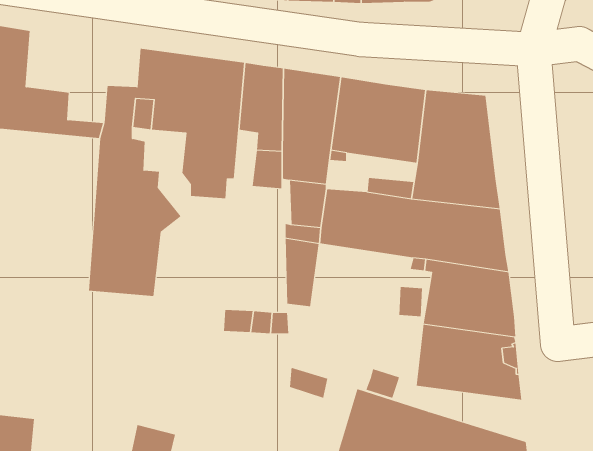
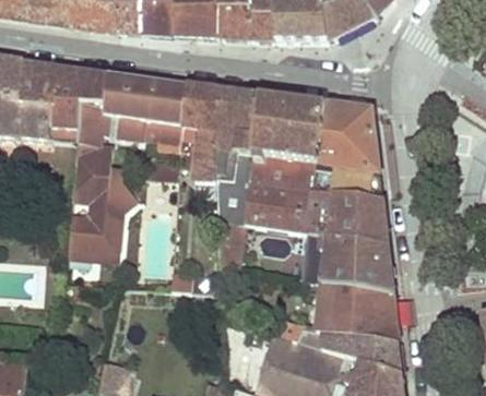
building: none -> [22,59,108,129]
building: none -> [328,331,402,371]

